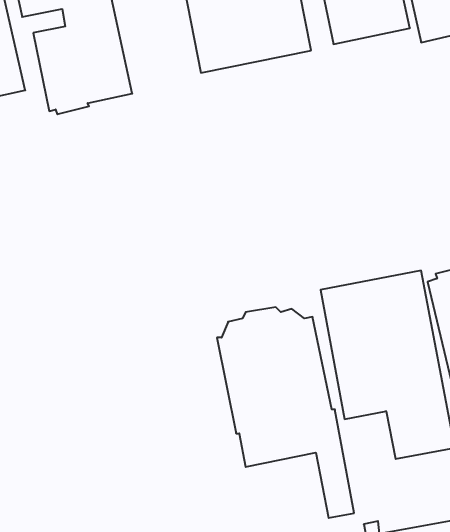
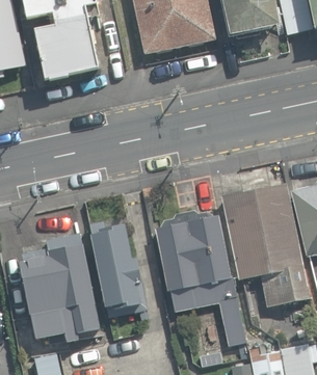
building: none -> [90,221,149,320]
building: none -> [20,234,101,342]

